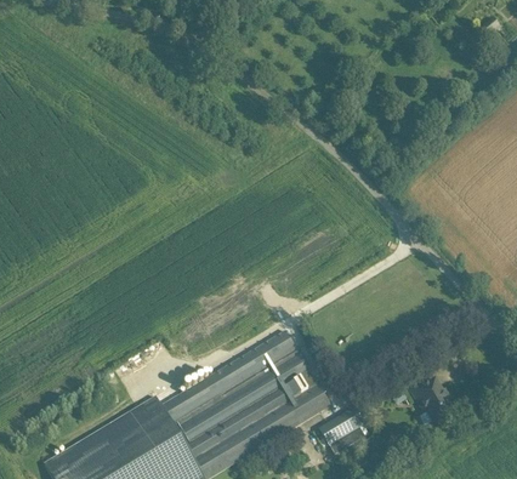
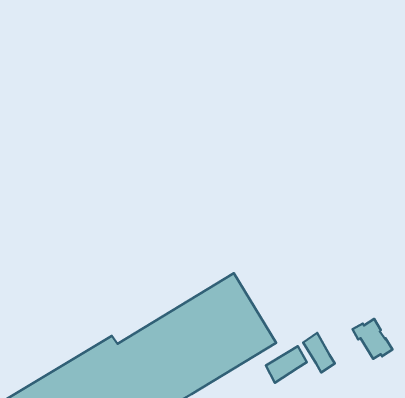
building: none -> [303,333,335,372]

